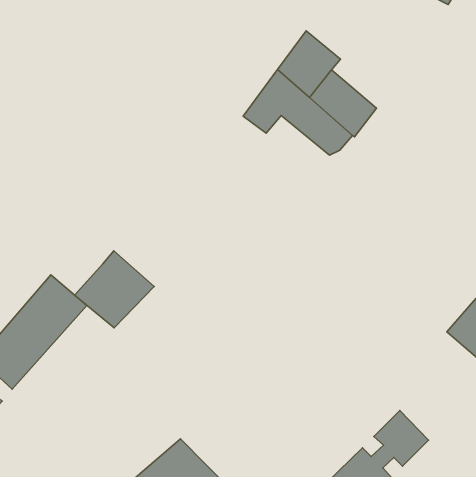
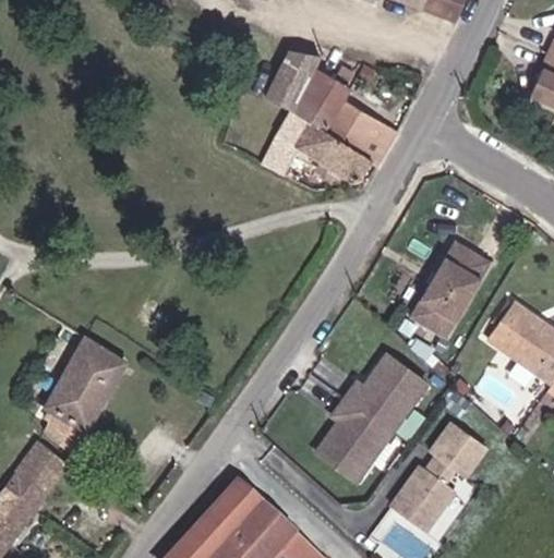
building: none -> [270,46,316,99]
building: none -> [412,242,493,341]
building: [75,251,154,328] -> none
building: none -> [317,356,431,481]

